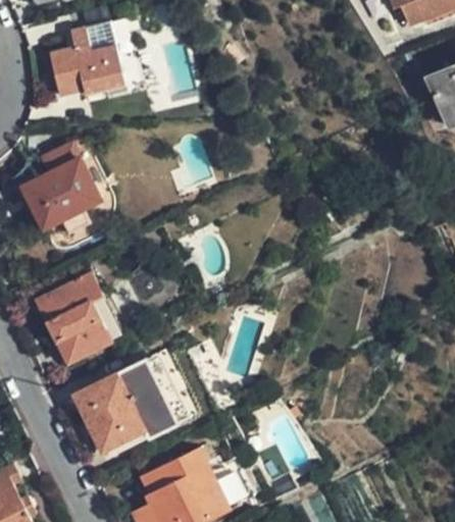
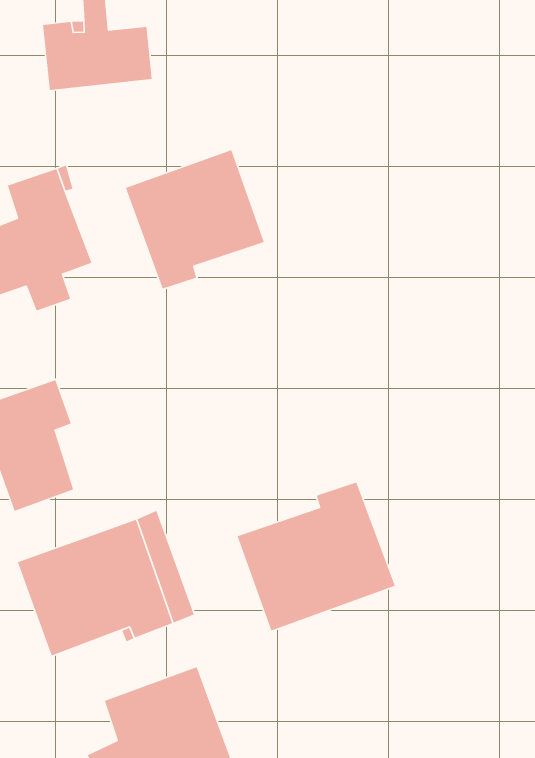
building: none -> [125,149,265,290]
building: none -> [237,481,396,631]

